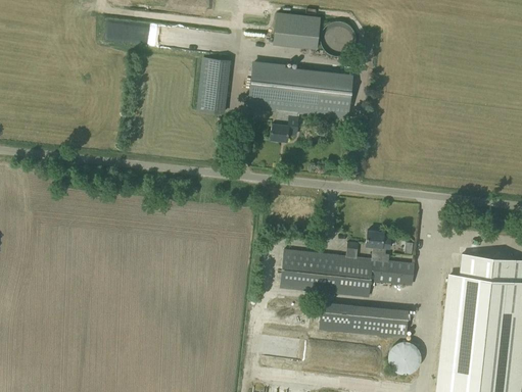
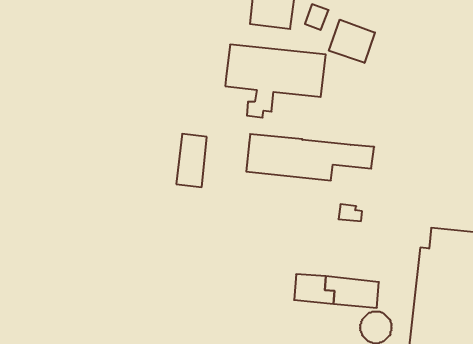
building: none -> [329,20,375,63]
building: [197,57,229,112] -> [176,134,207,187]
building: [281,249,414,297] -> [246,134,374,180]

